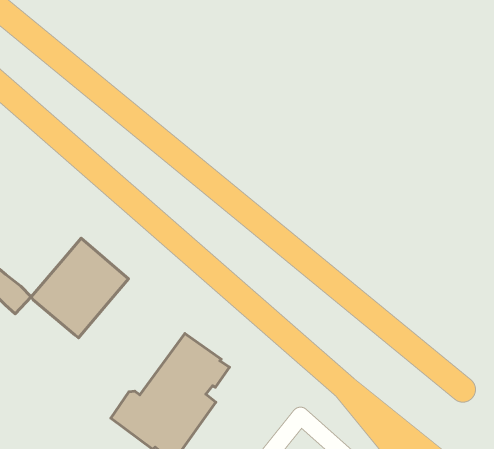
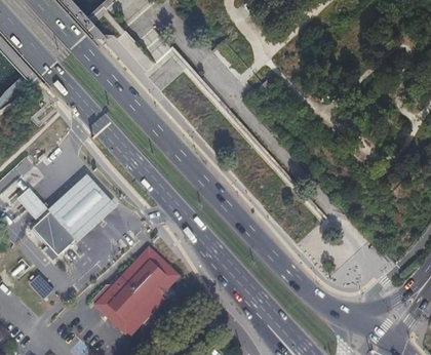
building: none -> [31,212,74,261]

